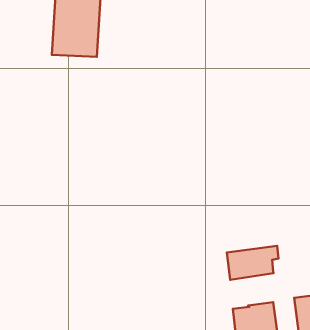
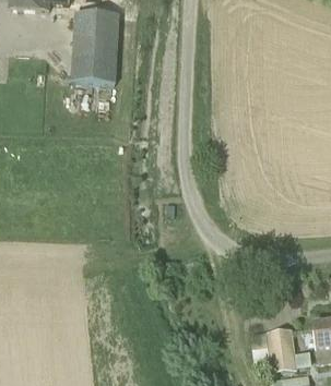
building: [227,246,279,280] -> none

